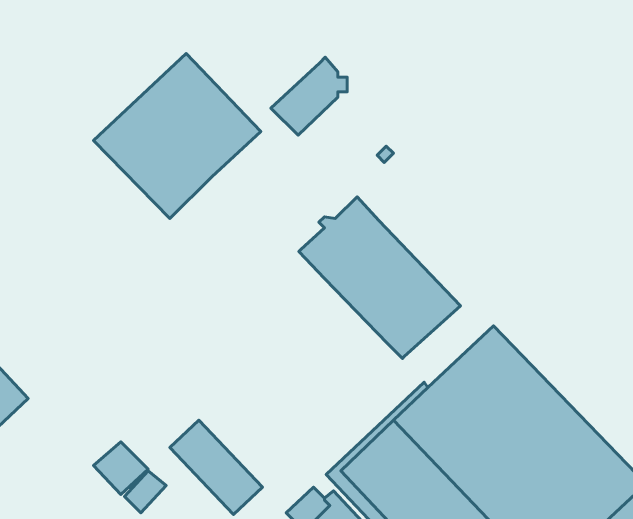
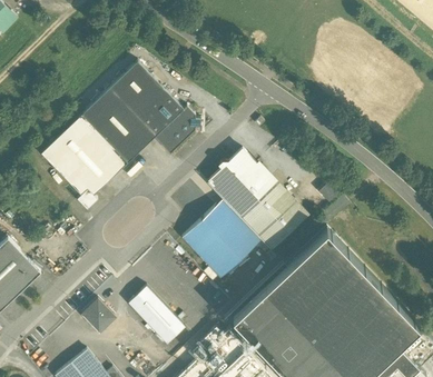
building: [271,57,347,135] -> [152,105,199,152]
building: none -> [40,113,127,208]
building: none -> [180,198,260,277]

